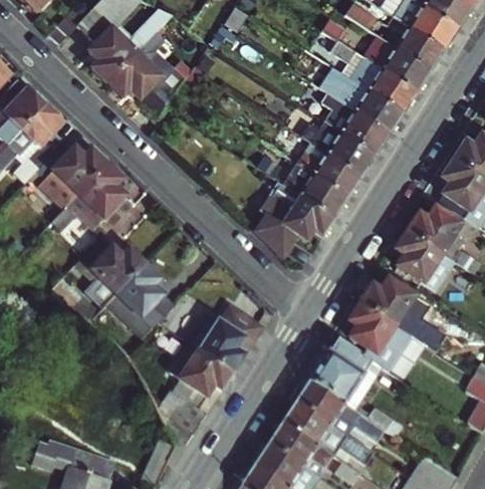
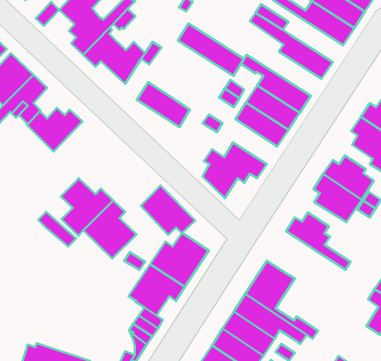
building: [365,34,431,89] -> none
building: [321,66,404,132] -> [178,24,244,76]
building: [282,161,348,217] -> [137,82,190,127]
building: [49,164,132,237] -> none
building: none -> [141,186,195,235]
building: [347,300,409,370] -> none

